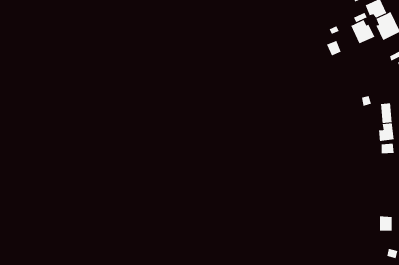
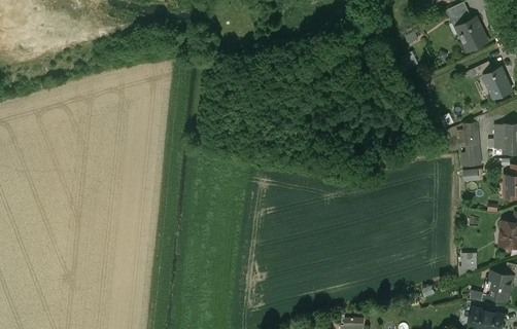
building: [350,19,375,44] -> none

